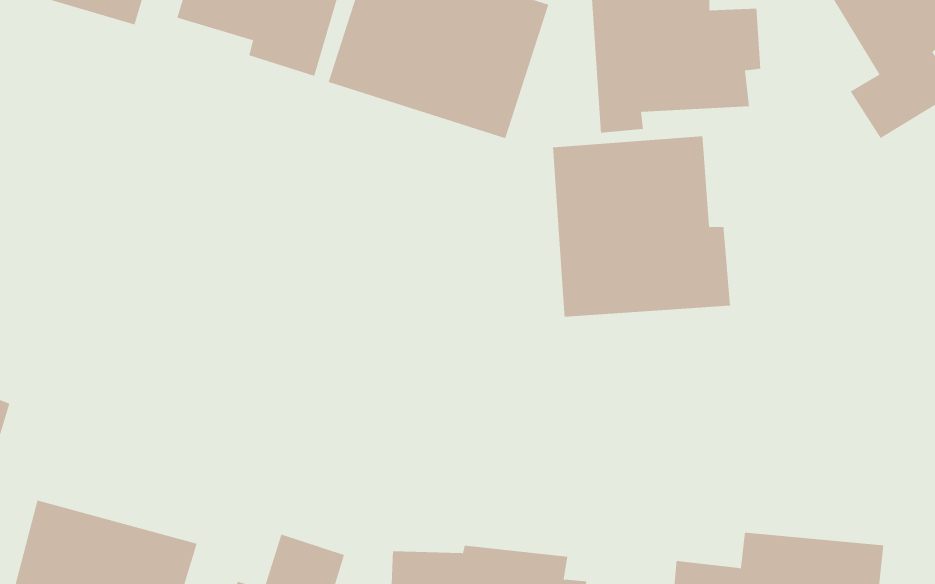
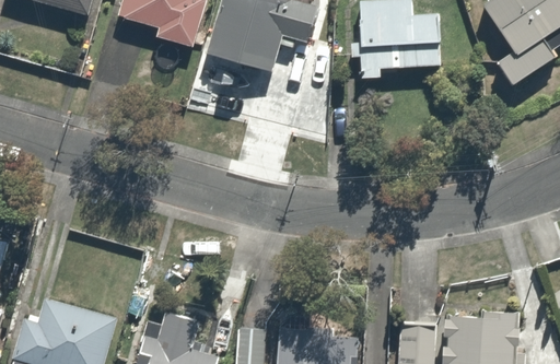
building: [553,135,731,317] -> none

